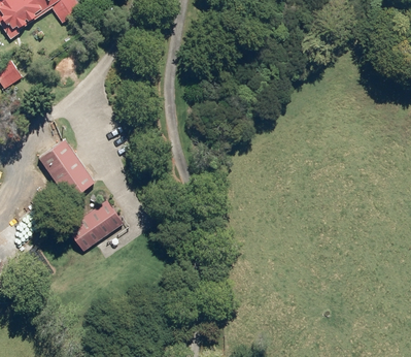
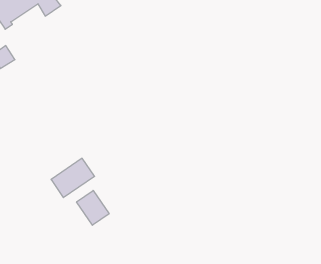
building: [38,138,93,198] -> none
building: none -> [77,190,109,225]

